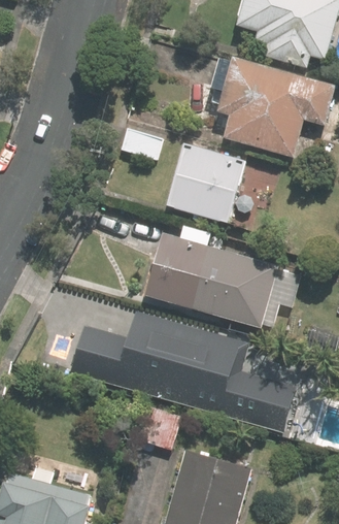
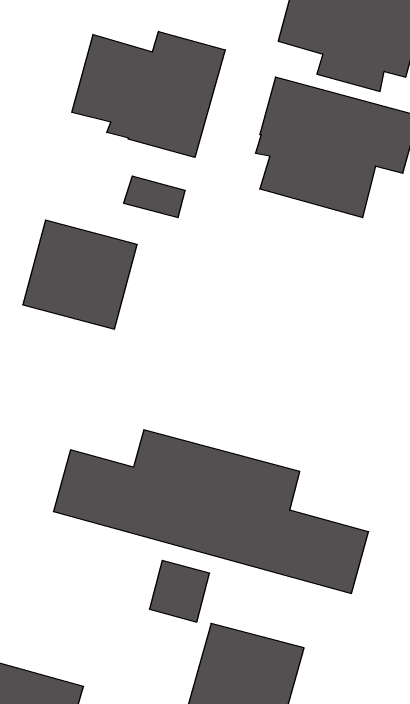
building: none -> [72,31,225,157]
building: [164,145,246,224] -> [23,220,137,329]
building: [142,234,277,329] -> none

